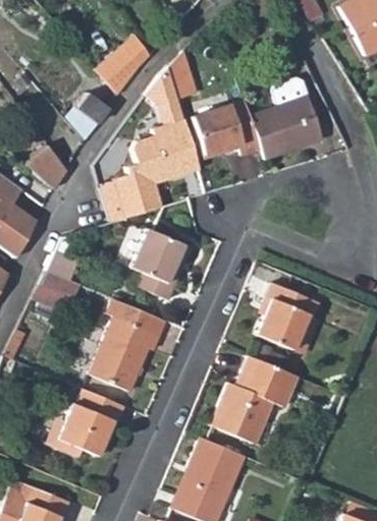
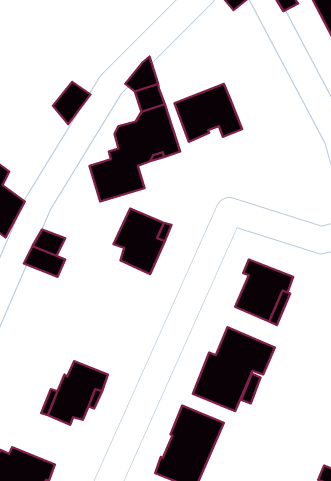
building: [94,36,149,94] -> none
building: [167,55,197,103] -> none
building: [252,73,326,156] -> none
building: [21,144,65,189] -> none
building: [89,297,166,390] -> none

